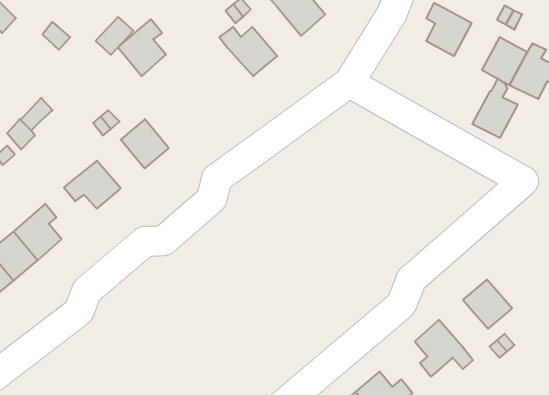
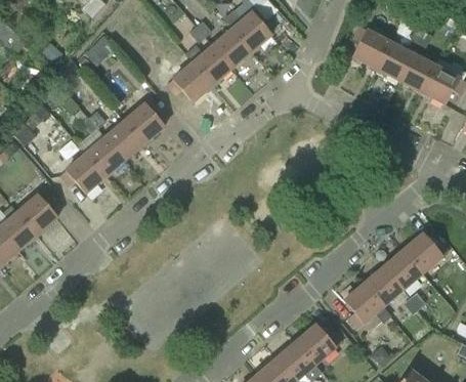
building: none -> [211,29,251,69]
building: [118,19,166,76] -> [124,97,163,143]
building: none -> [166,62,212,101]
building: [472,78,518,138] -> [375,32,412,80]
building: none -> [85,136,124,176]
building: none -> [401,234,448,273]
building: none -> [363,266,403,306]

